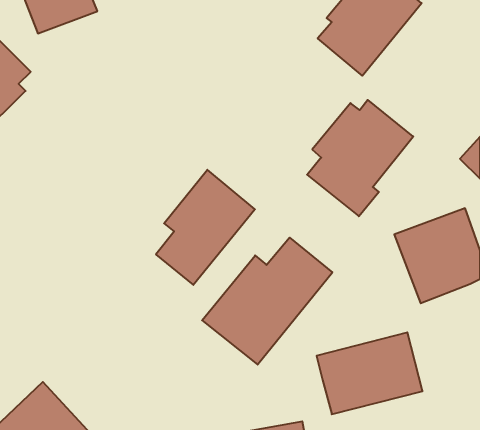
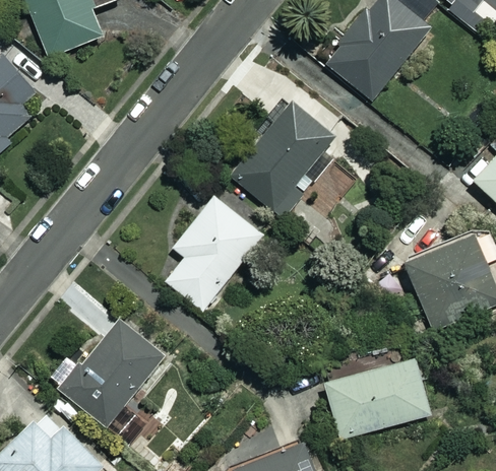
building: [307,100,413,216] -> [230,99,336,216]
building: [202,238,332,365] -> none
building: none -> [53,319,164,441]

